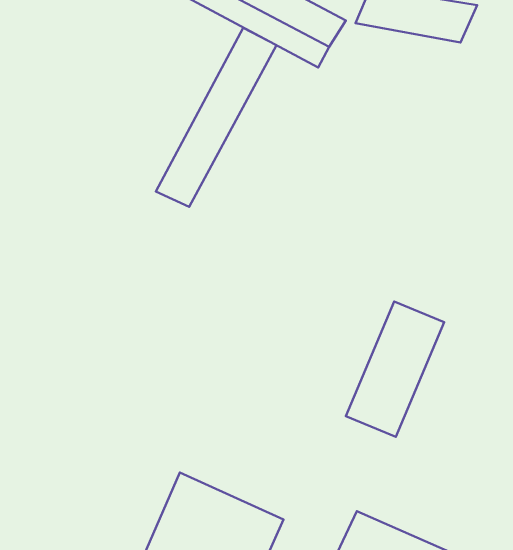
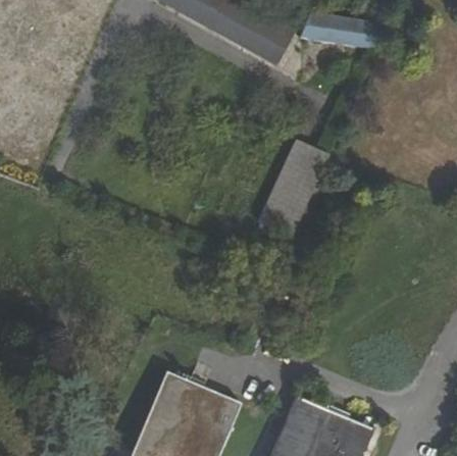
building: [156,28,276,207] -> none
building: [346,301,444,437] -> [260,139,333,239]

